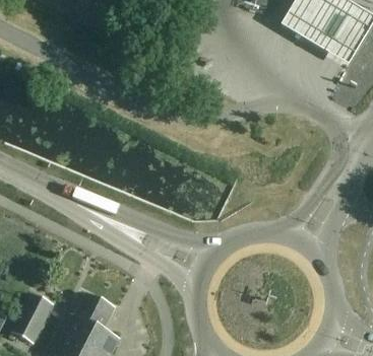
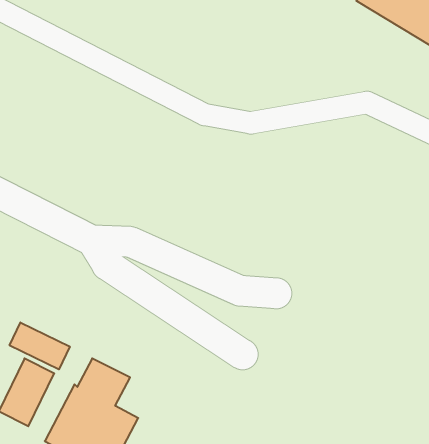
building: none -> [10,322,70,369]

